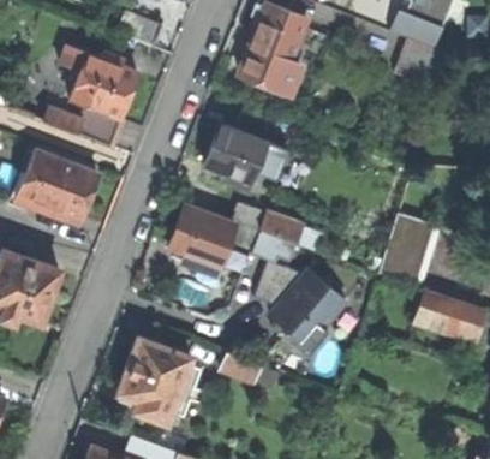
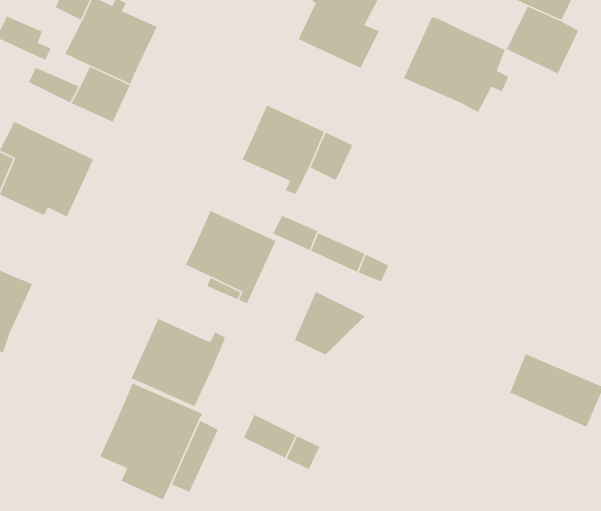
building: none -> [403,16,510,113]
building: [377,216,434,288] -> none
building: [270,269,346,354] -> none
building: none -> [130,318,226,407]

